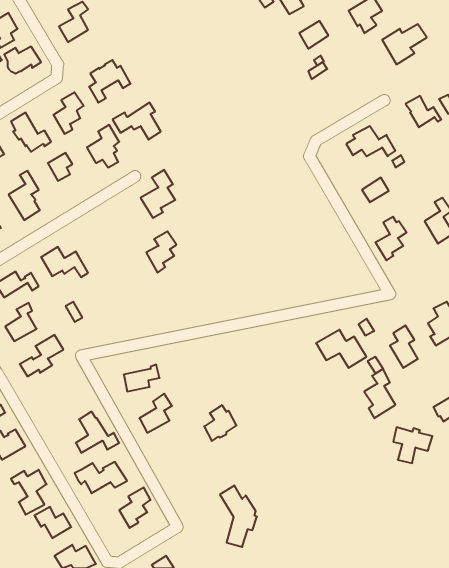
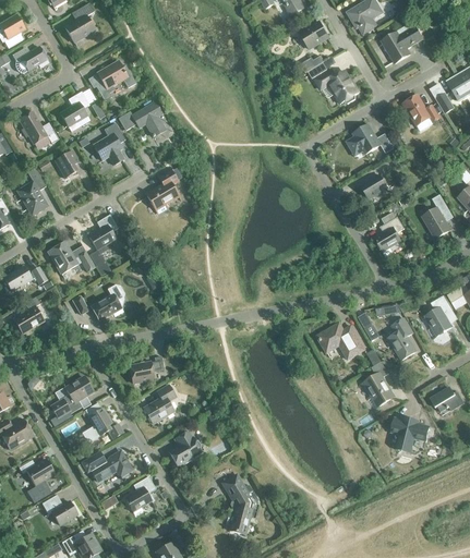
building: none -> [315,70,359,104]
building: [146,231,176,273] -> [88,215,118,255]
building: none -> [91,293,123,320]
building: [20,335,63,376] -> [50,377,93,417]
building: [204,405,237,441] -> [169,432,201,466]

